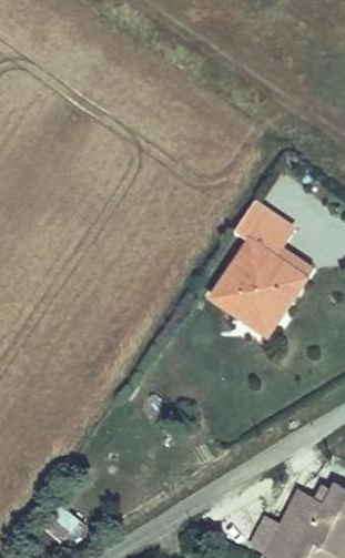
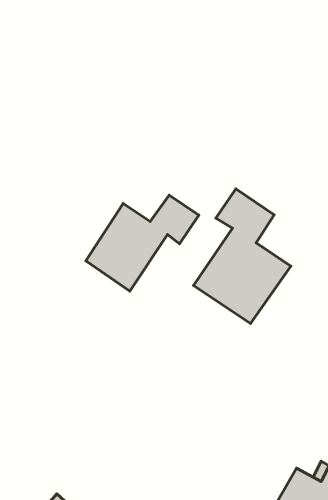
building: none -> [86,195,199,291]

